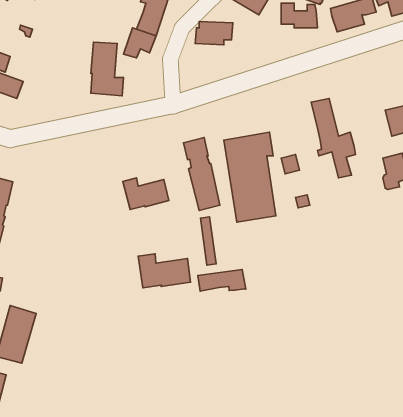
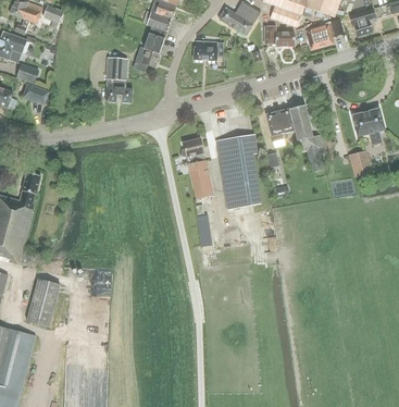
building: none -> [265,108,295,140]
building: [123,178,169,209] -> none
building: [138,254,191,288] -> none
building: [198,269,246,291] -> none

